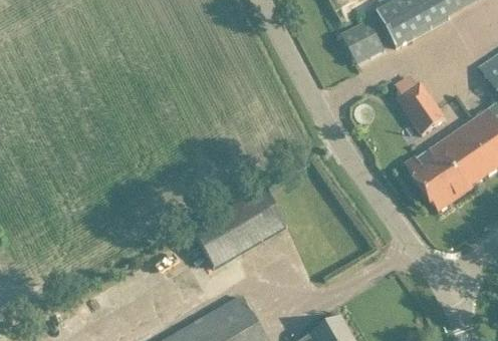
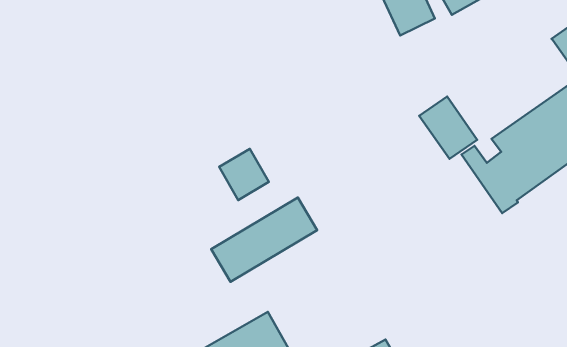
building: [397,82,445,134] -> [419,96,477,159]
building: none -> [219,149,269,200]

